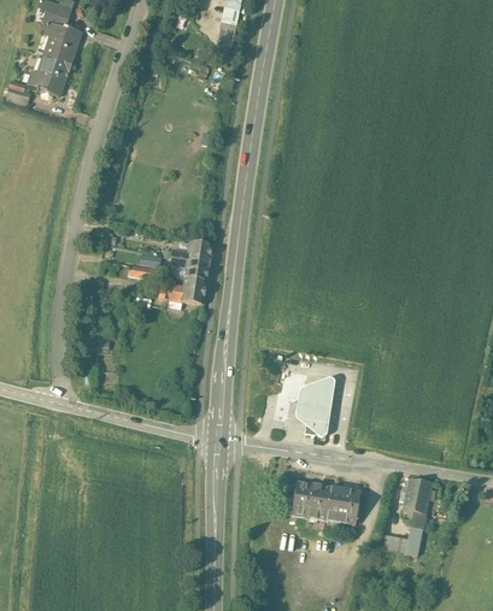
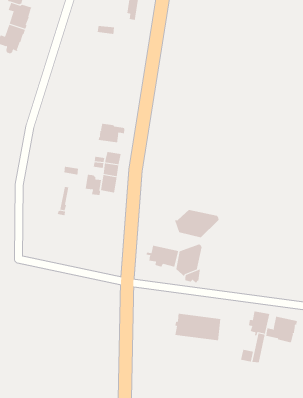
building: none -> [98,123,125,143]
building: none -> [174,209,219,238]
building: none -> [145,245,179,268]
building: none -> [265,316,297,343]

